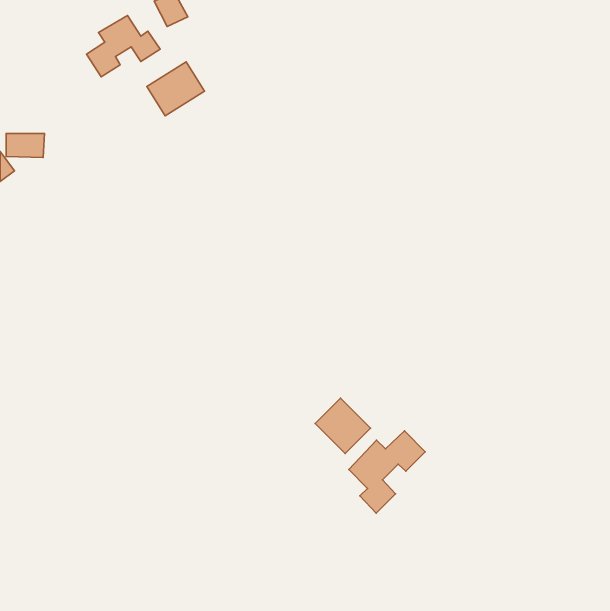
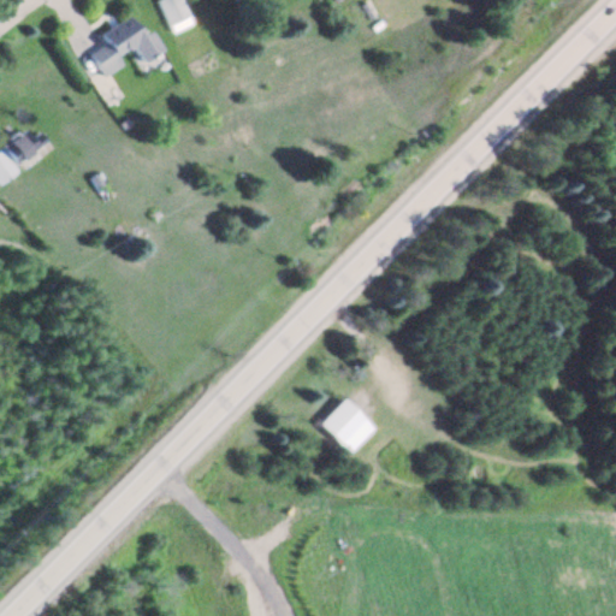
building: [147,62,205,116] -> none
building: [349,431,425,513] -> none

